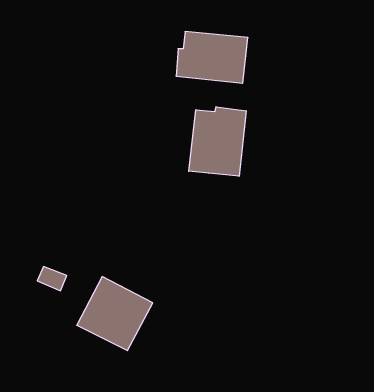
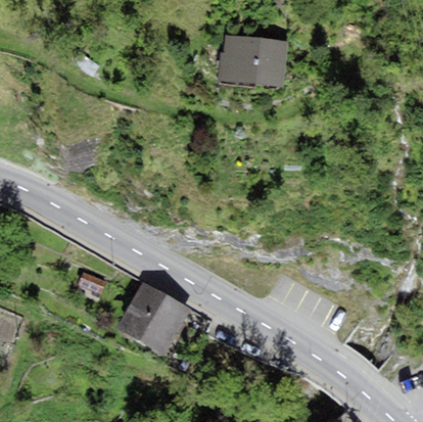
building: [189,107,246,176] -> none

